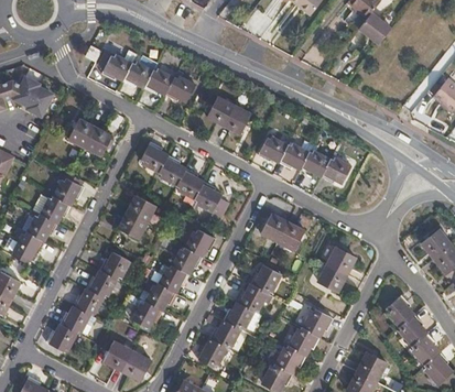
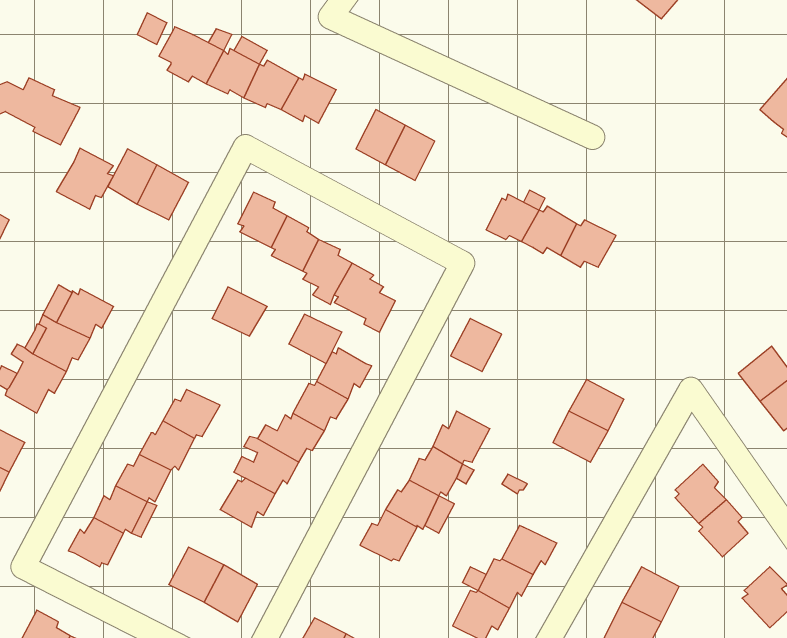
building: [257,133,288,162] -> none
building: [52,171,84,205] -> [56,148,113,209]
building: [117,211,147,239] -> [289,314,342,364]
building: [277,220,304,250] -> none
building: [300,308,333,337] -> none
building: [410,331,437,363] -> none
building: [195,338,226,367] -> none

